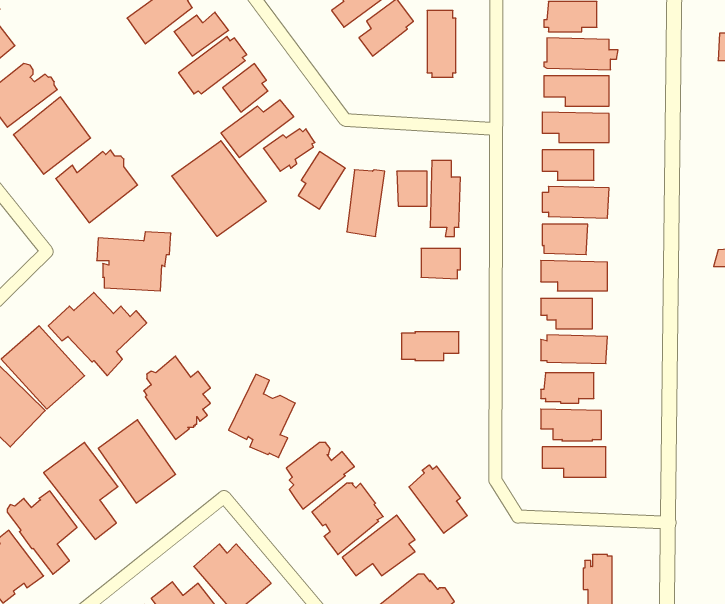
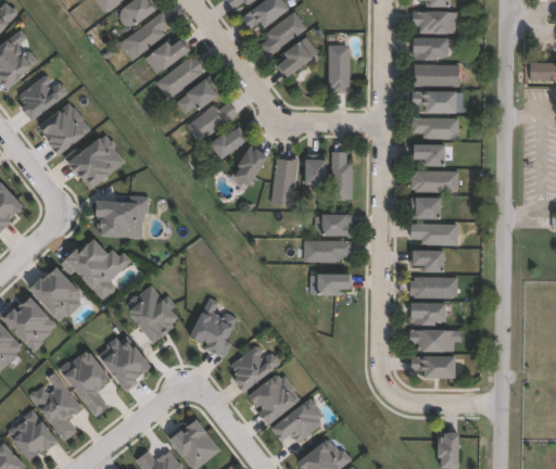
building: [172,141,266,236] -> none
building: none -> [305,238,353,259]
building: [409,465,467,533] -> none

